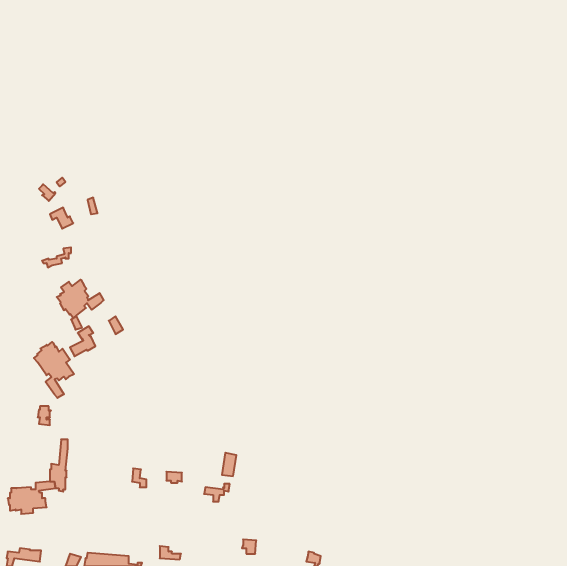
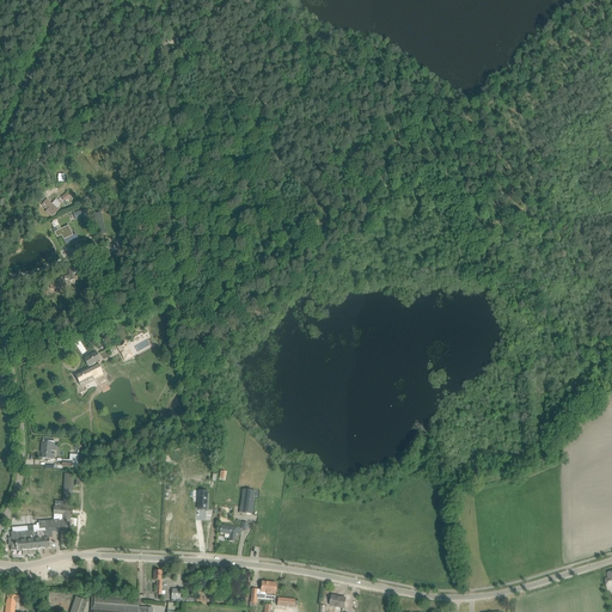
building: [57,280,104,318] -> none
building: [34,342,74,398] -> none

